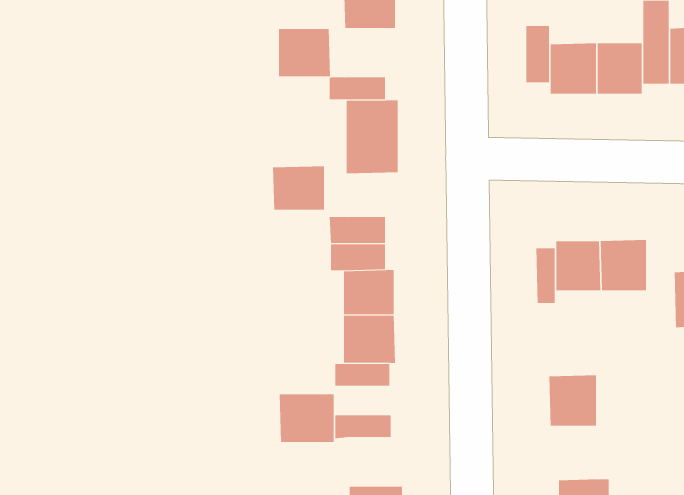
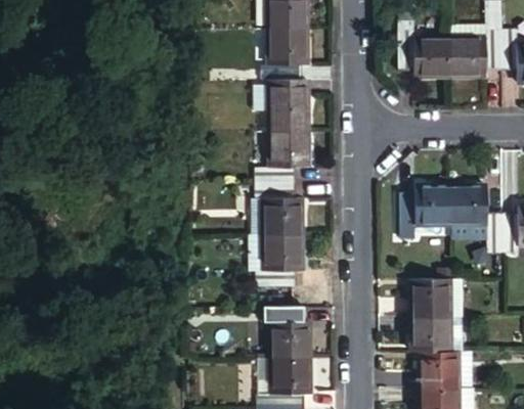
building: [278,29,331,77] -> [268,32,306,66]
building: [272,166,325,210] -> [269,135,307,167]
building: none -> [485,207,506,246]
building: [279,394,334,442] -> [270,325,310,360]
building: none -> [416,317,450,356]

